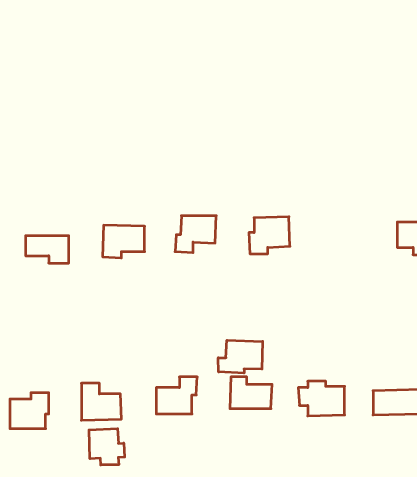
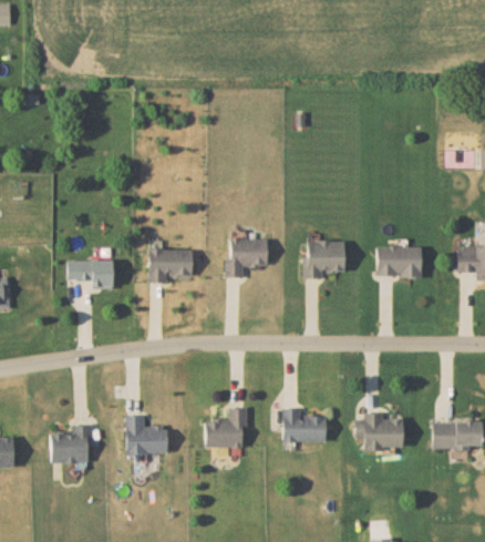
building: none -> [376,247,422,278]
building: [218,340,263,373] -> none
building: [89,429,125,465] -> none

